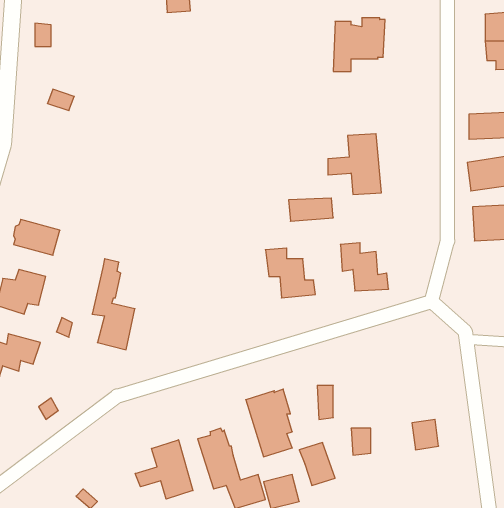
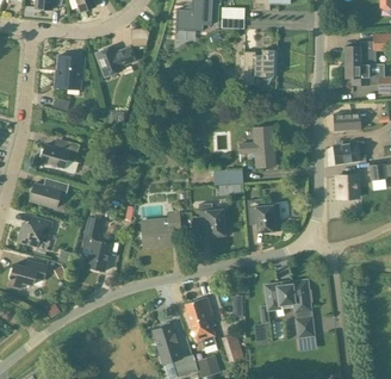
building: none -> [95,46,135,76]
building: none -> [55,55,85,89]
building: none -> [41,141,80,168]
building: none -> [143,212,179,246]
building: none -> [265,280,311,312]
building: [135,440,193,499] -> none

